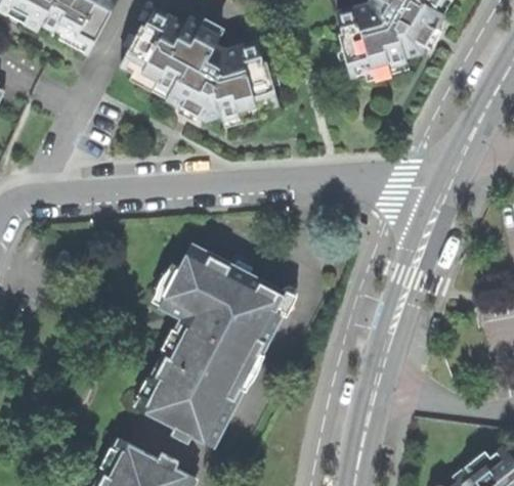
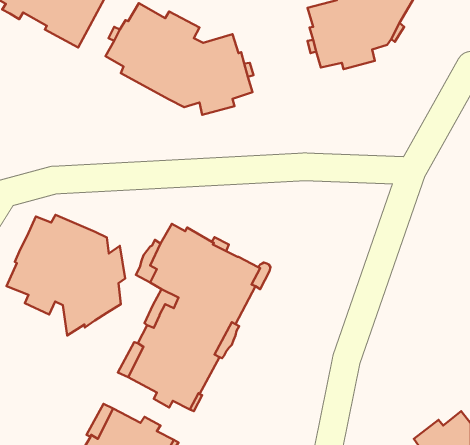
building: none -> [6,215,125,335]

